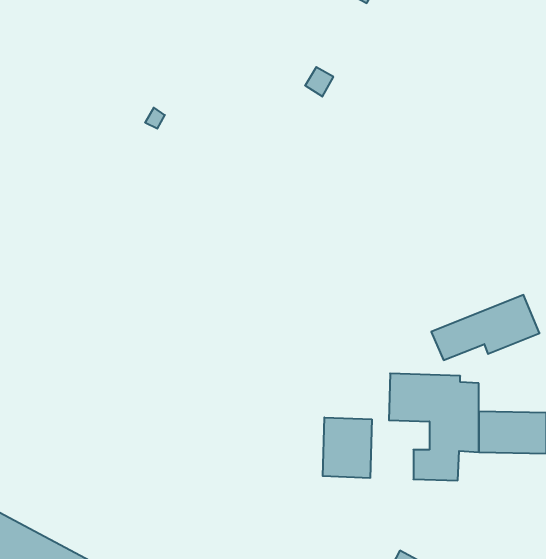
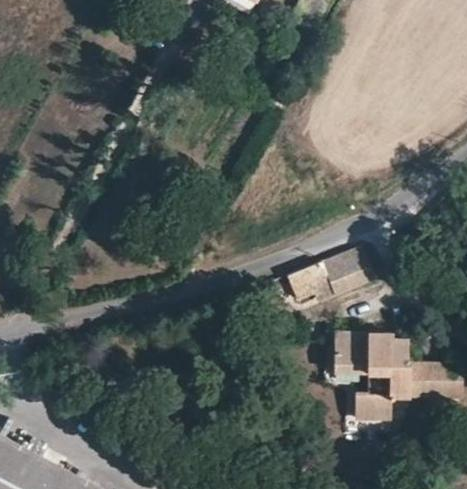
building: [431,295,540,360] -> [286,249,374,302]
building: [323,417,372,478] -> none

